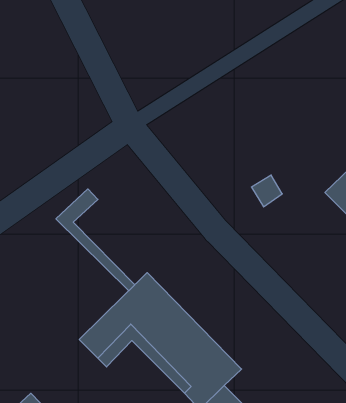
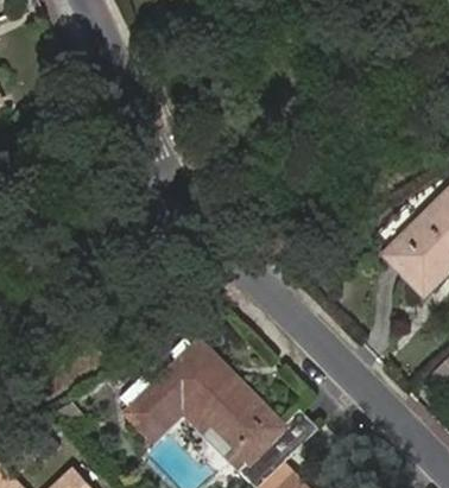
building: [56,189,135,291] -> none

